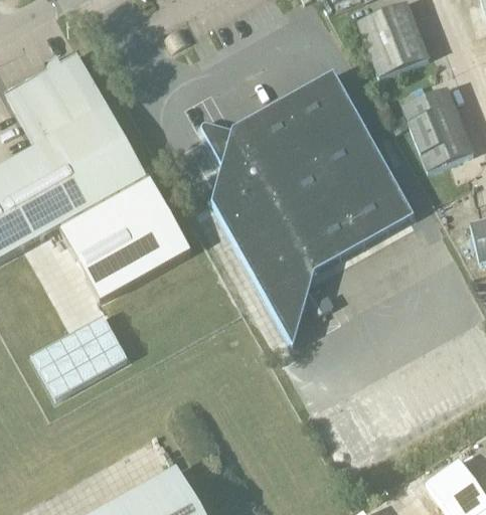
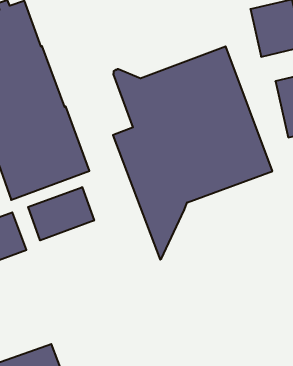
building: none -> [28,187,94,240]

